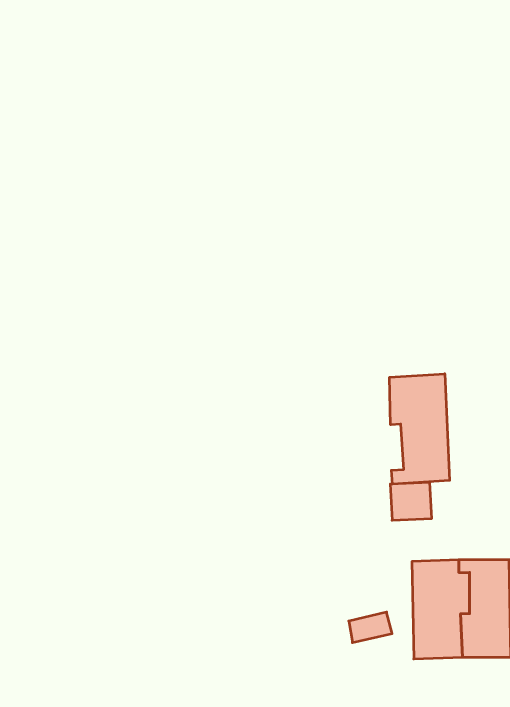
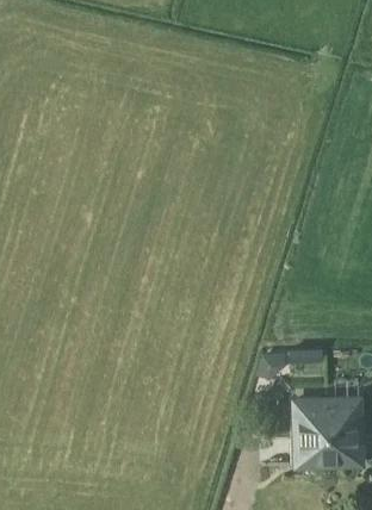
building: [390,374,450,484] -> none

